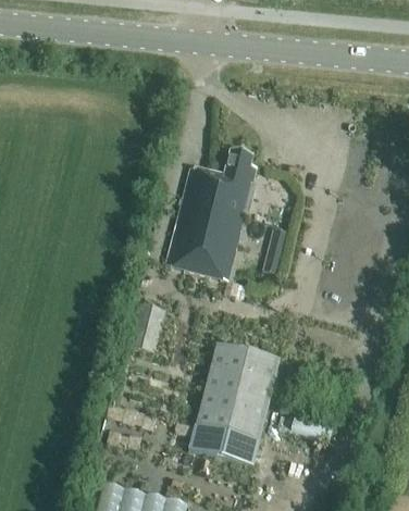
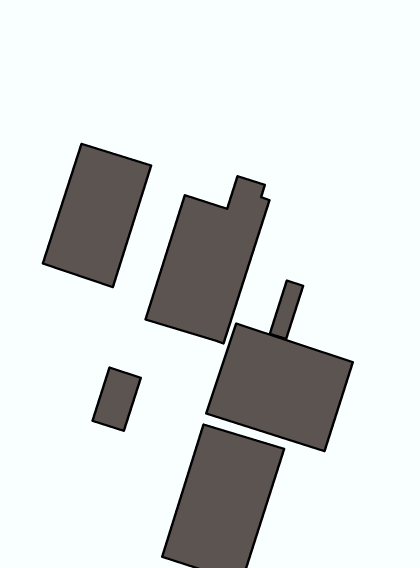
building: none -> [43,144,151,287]
building: none -> [206,324,353,451]

